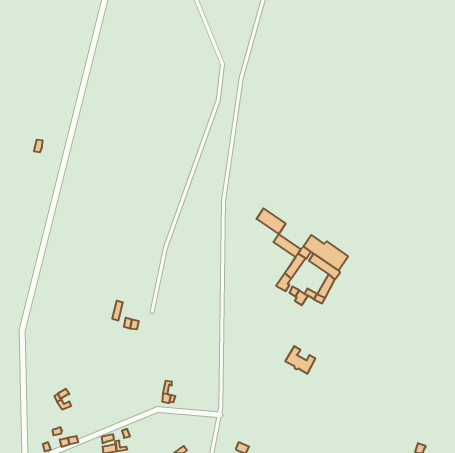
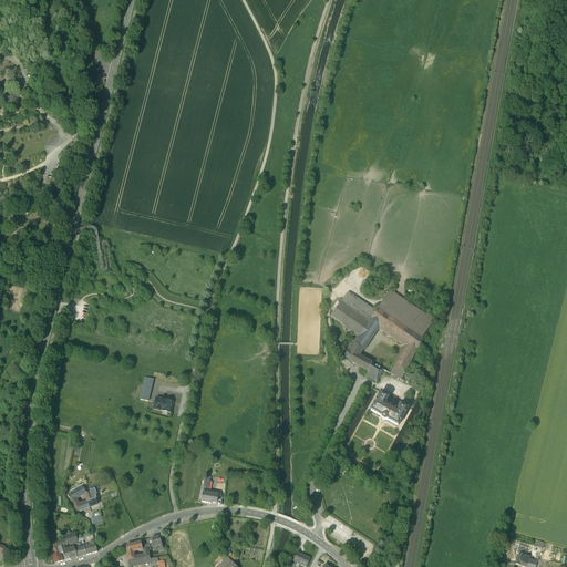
building: [256,208,286,234] -> [331,301,368,333]
building: [285,346,315,374] -> [370,390,408,424]

